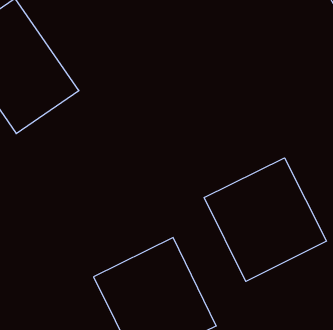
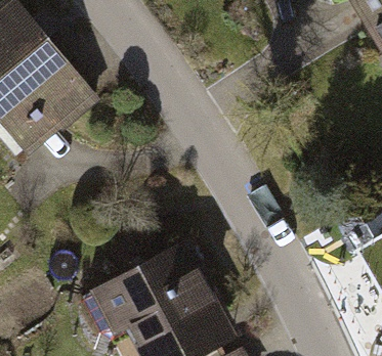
building: [204,158,326,281] -> none

